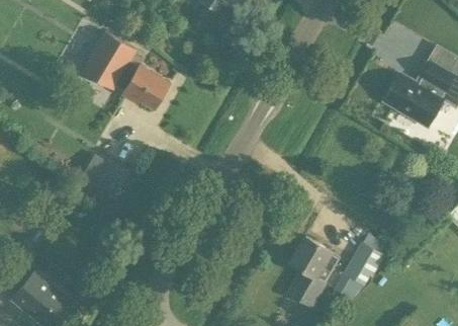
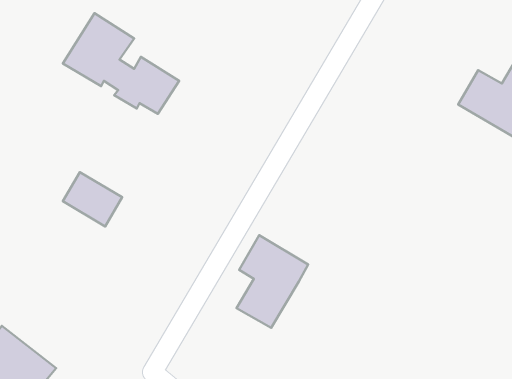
building: [287,236,342,307] -> [237,235,308,328]
building: [335,242,384,299] -> none

